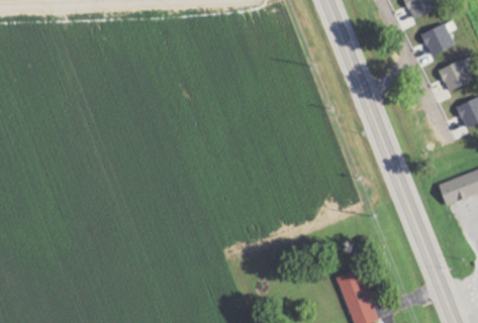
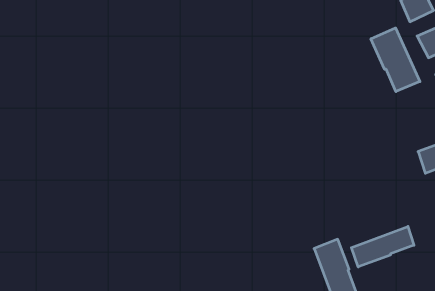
building: none -> [371,28,420,92]
building: none -> [351,226,414,267]

